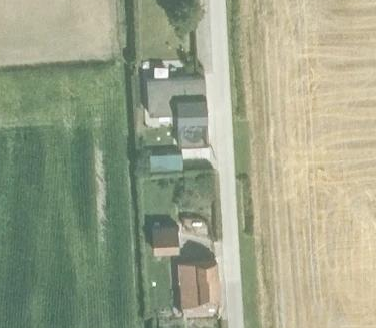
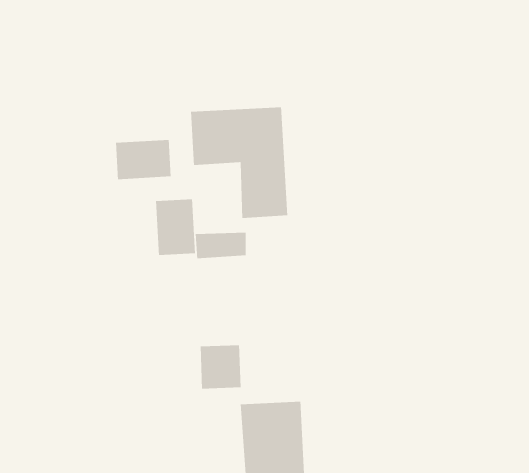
building: none -> [115,139,172,180]
building: none -> [155,199,196,256]

